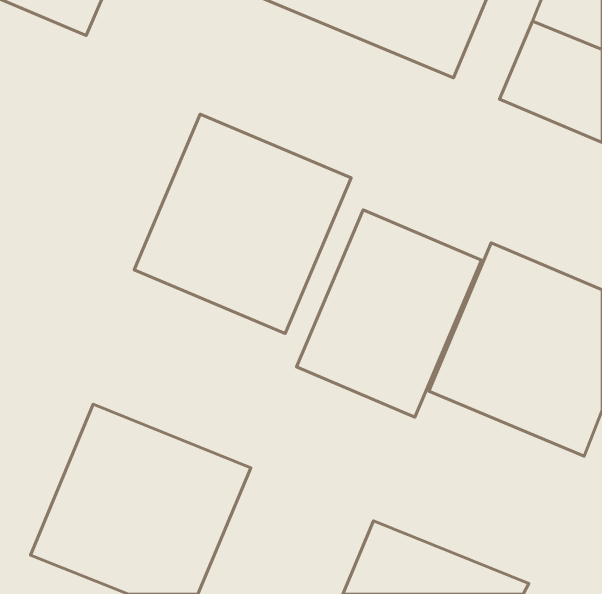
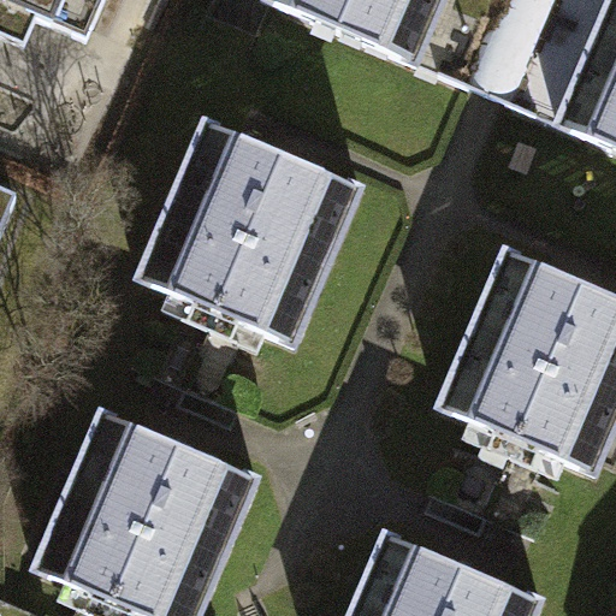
building: [296,210,482,417] -> none

